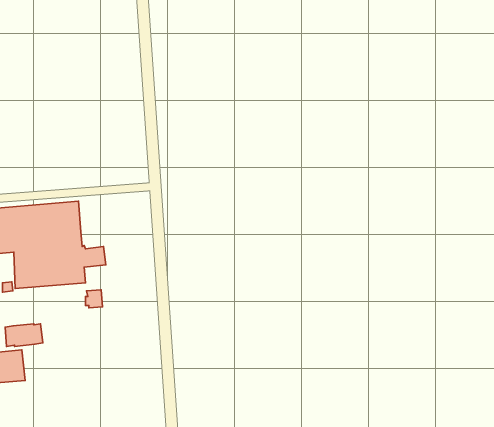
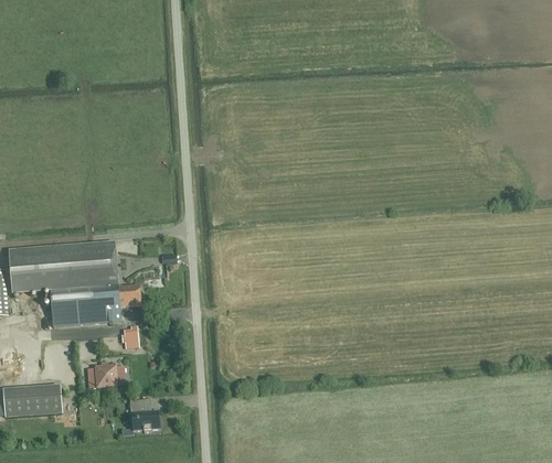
building: [5,324,43,346] -> [87,363,124,385]
building: none -> [128,398,158,430]

